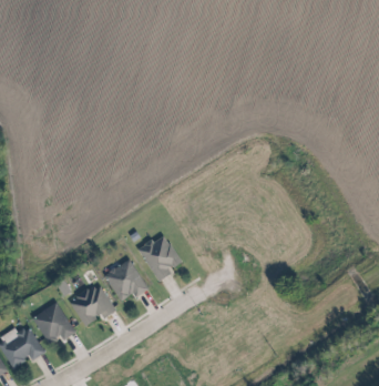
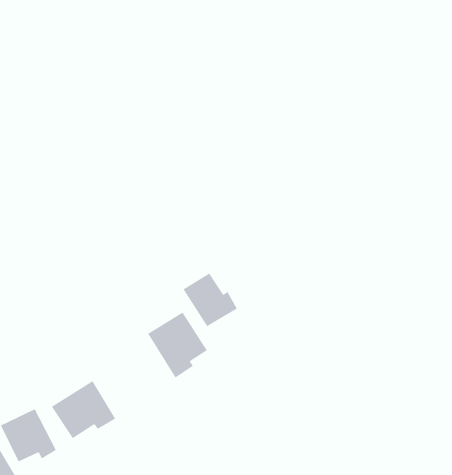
building: none -> [182,272,238,327]
building: [103,257,148,299] -> none

